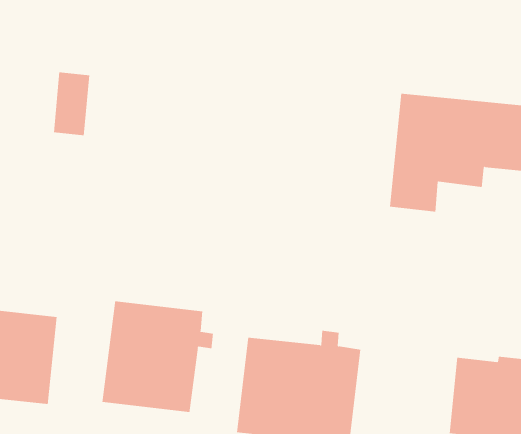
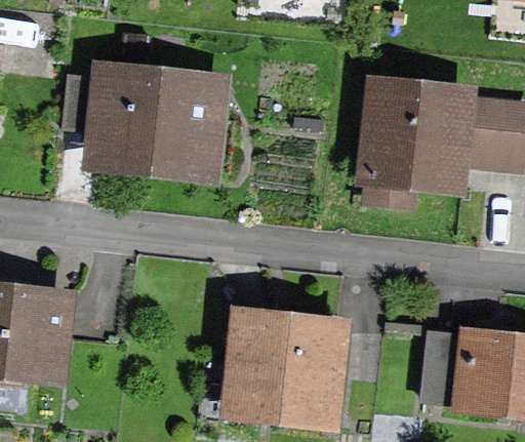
building: none -> [104,77,214,165]
building: [102,301,213,413] -> none

